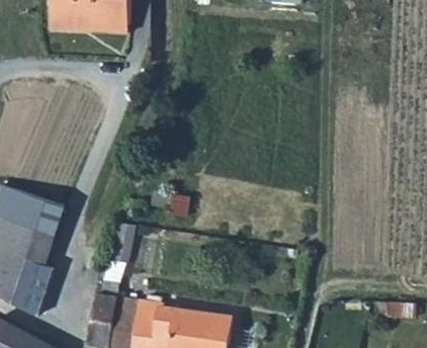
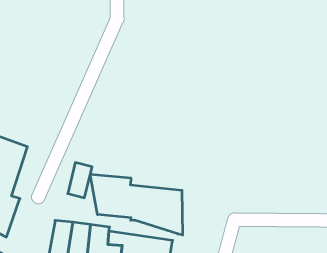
building: none -> [90,174,183,235]

